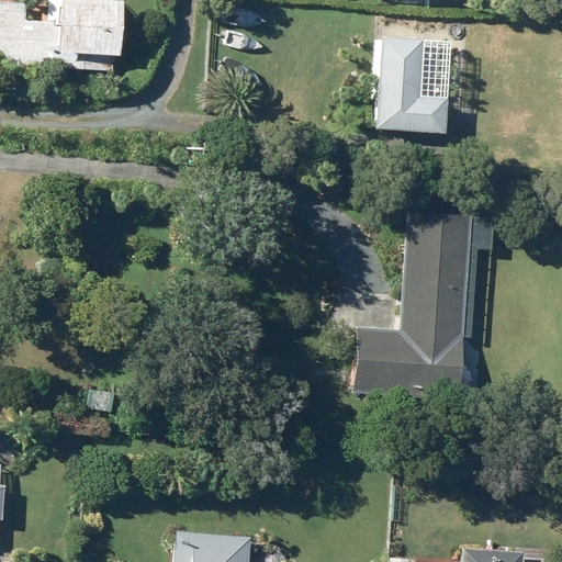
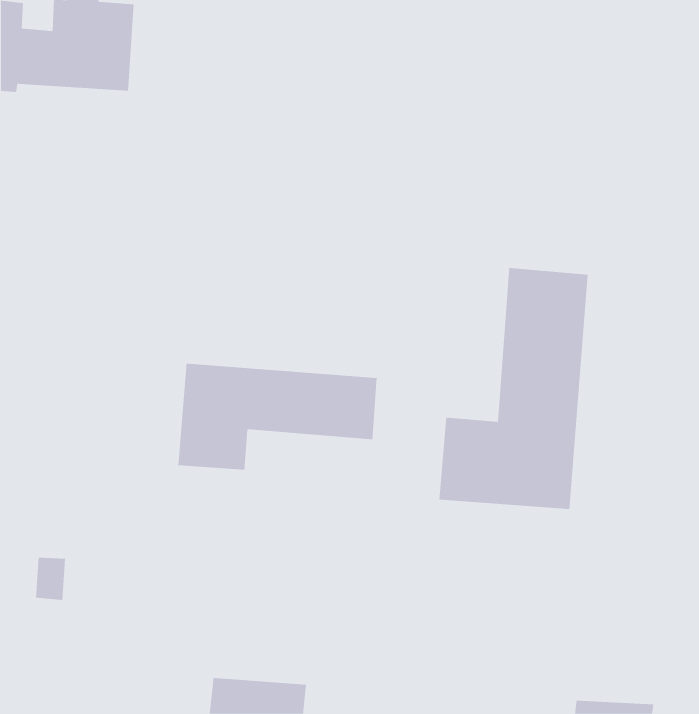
building: [374,37,445,133] -> none
building: none -> [178,363,377,471]

